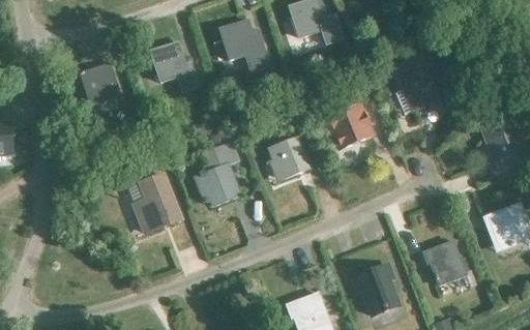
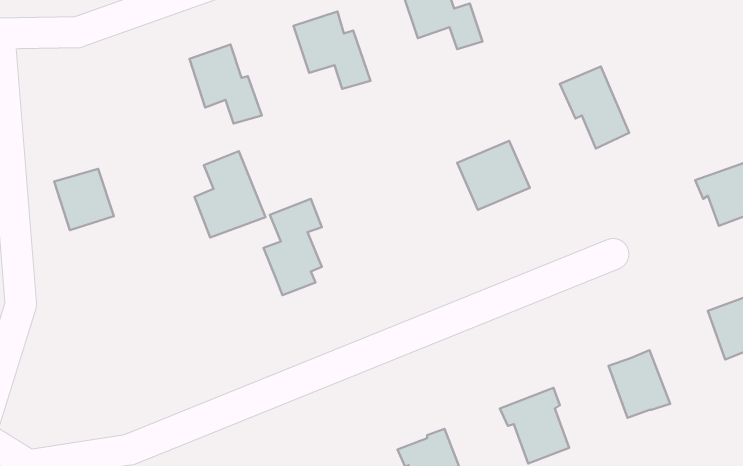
building: [81,63,120,103] -> [54,169,114,230]
building: [268,136,310,177] -> none
building: [134,175,180,232] -> [195,151,265,238]

